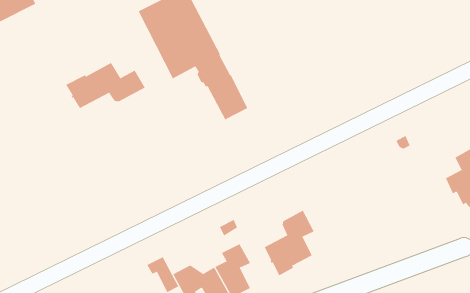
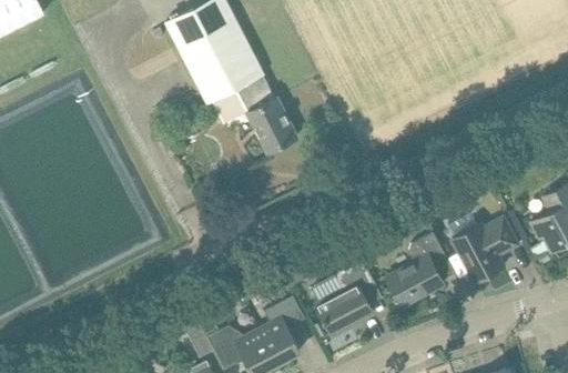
building: [65,62,145,109] -> none
building: none -> [452,218,517,283]
building: none -> [386,233,446,308]

